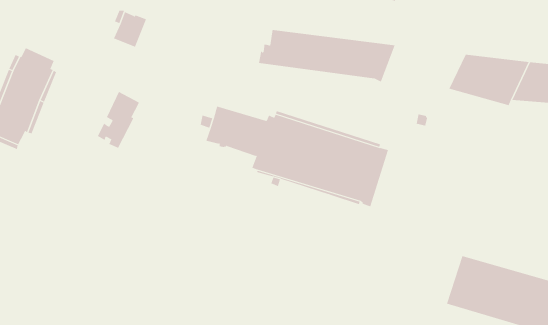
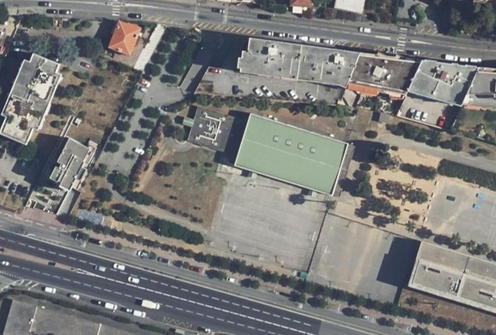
building: none -> [346,52,421,97]
building: [97,91,140,149] -> [50,136,88,187]

